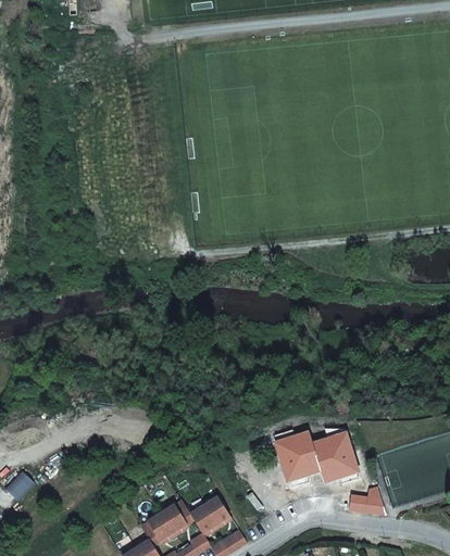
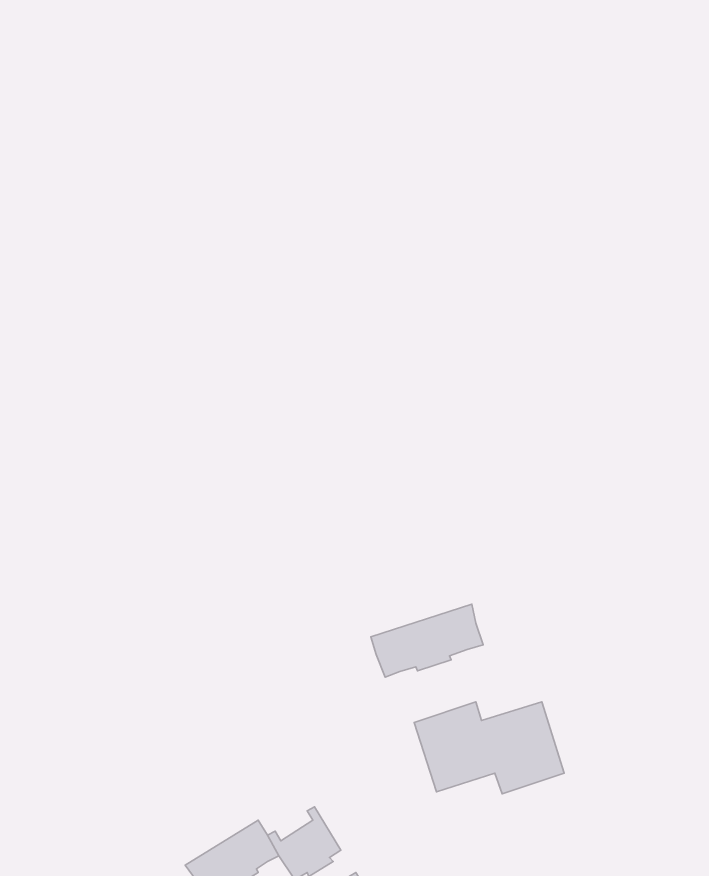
building: none -> [371,604,483,677]
building: [347,485,386,516] -> none

